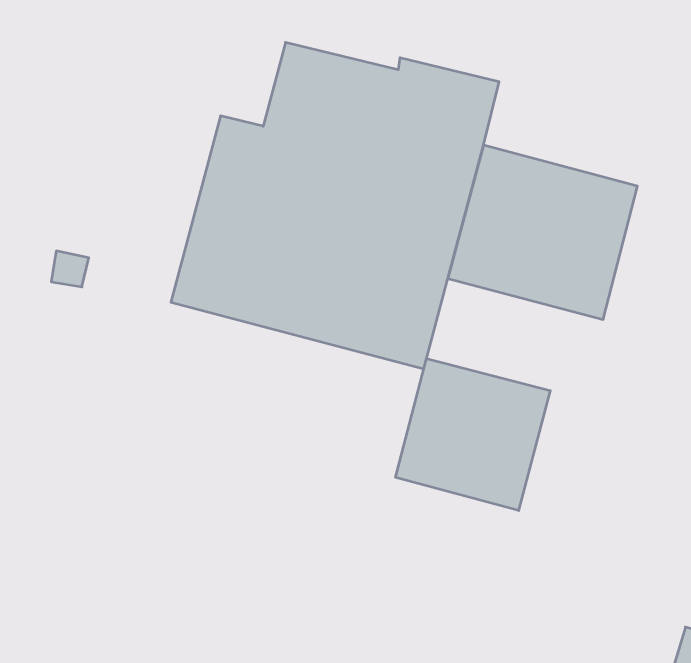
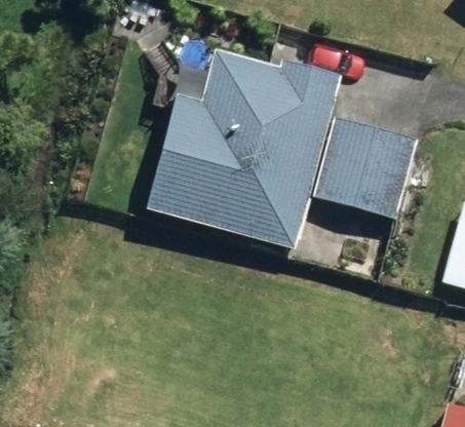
building: [396,359,550,511] -> none

